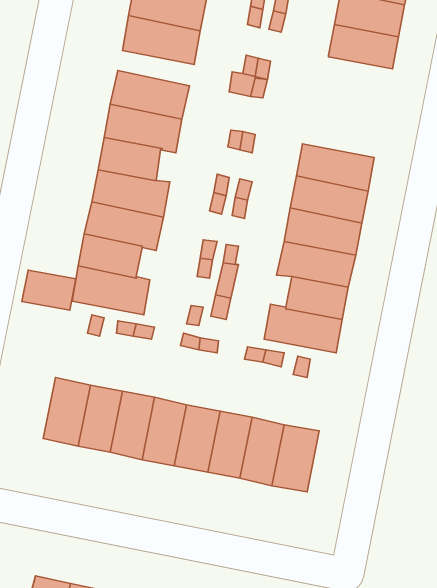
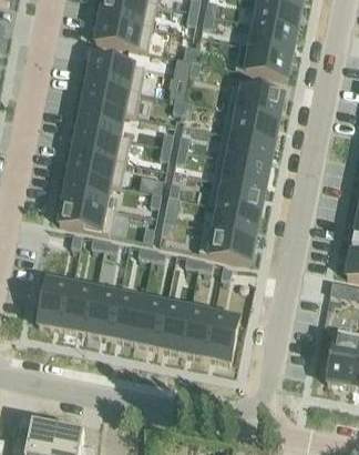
building: none -> [235,42,291,78]
building: none -> [226,83,284,118]
building: [22,270,76,310] -> none

